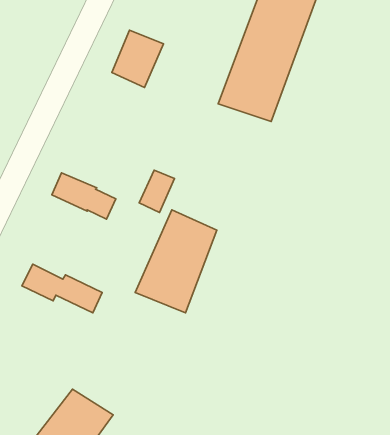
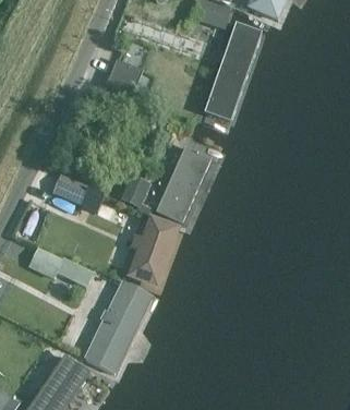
building: none -> [147,132,224,226]
building: none -> [76,278,158,376]

